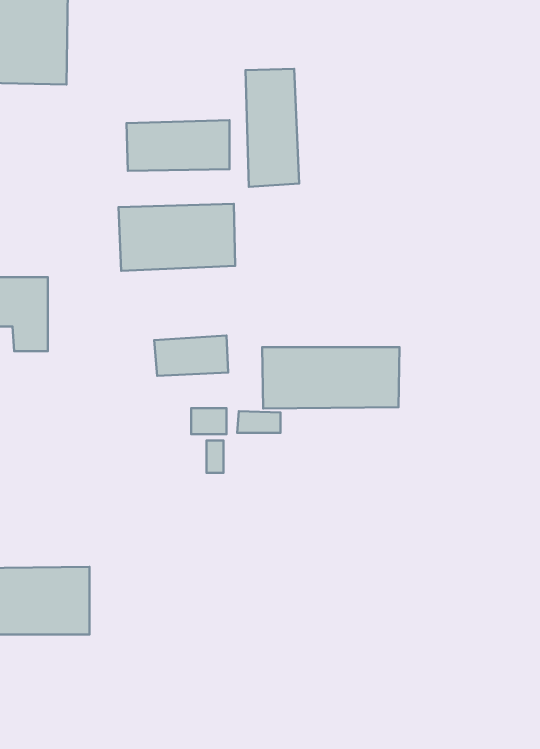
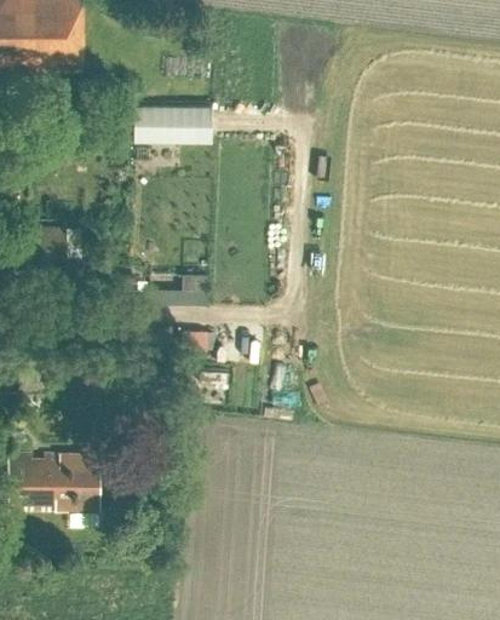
building: [245,69,299,187] -> none
building: [118,204,235,271] -> none
building: [262,347,399,409] -> none

